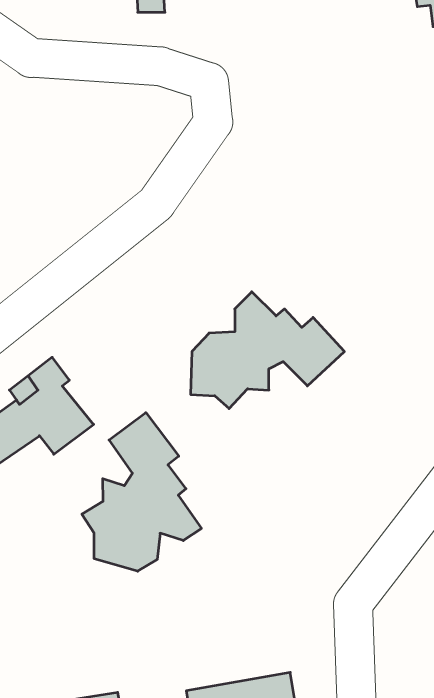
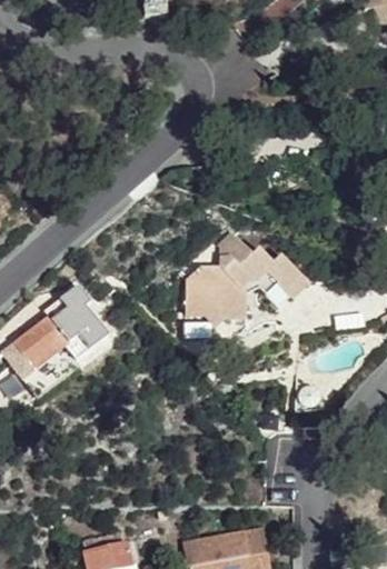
building: [82,413,201,571] -> none

